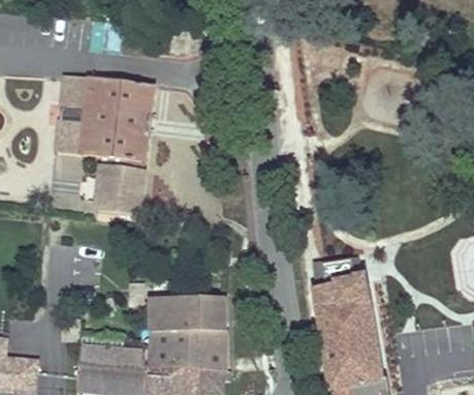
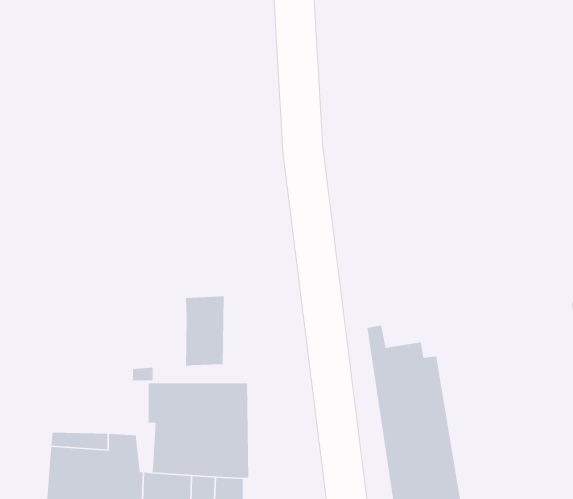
building: [56,73,154,214] -> none
building: none -> [185,295,224,367]

